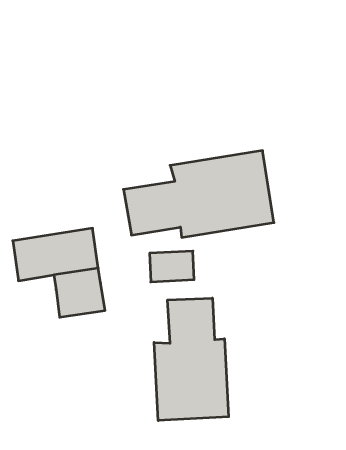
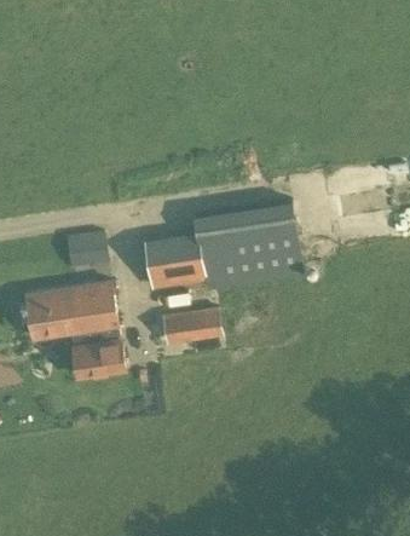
building: none -> [65,232,108,269]
building: [154,298,229,421] -> none

